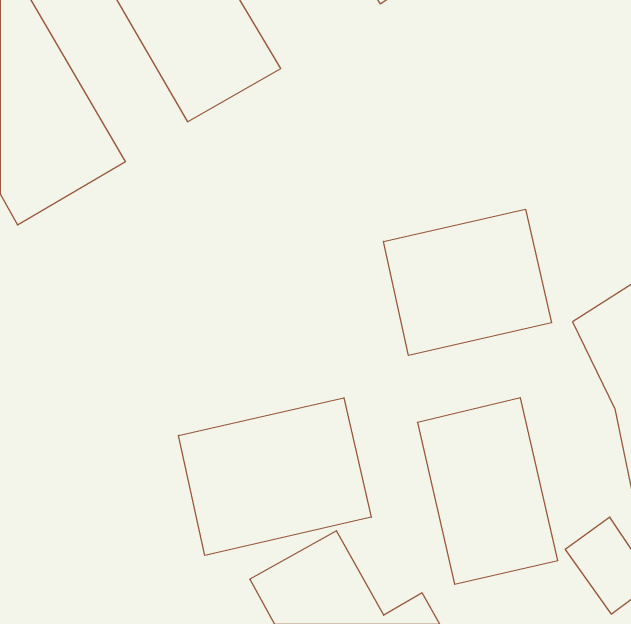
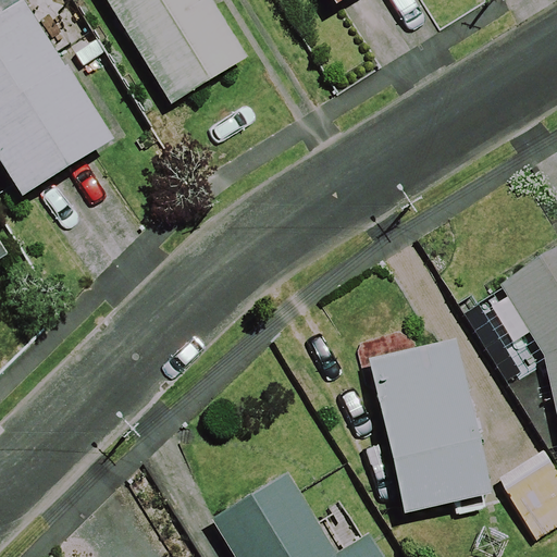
building: [384,209,551,355] -> none
building: [179,398,371,555] -> none

